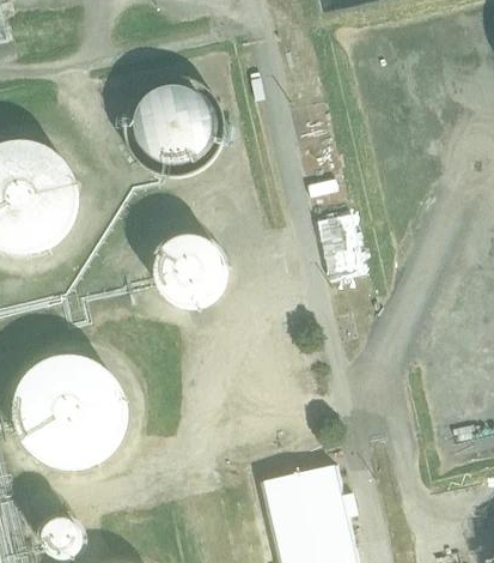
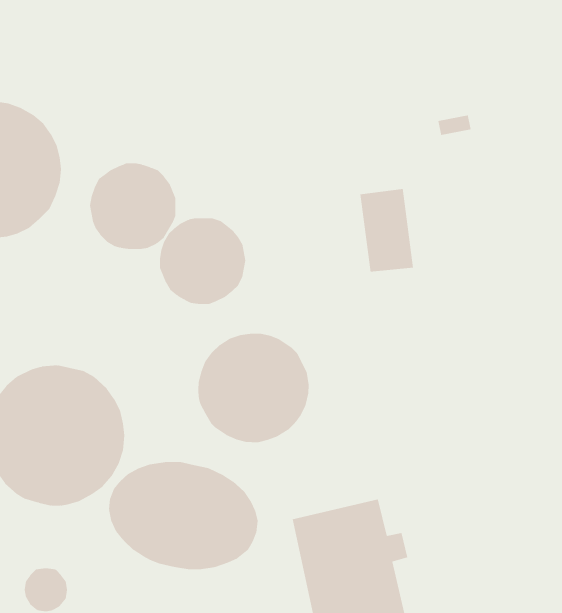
building: [138,89,208,159] -> [89,163,176,250]
building: none -> [198,333,309,443]
building: none -> [109,461,258,570]

